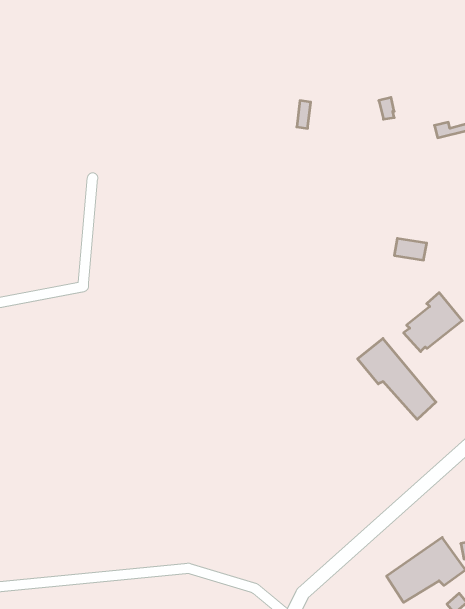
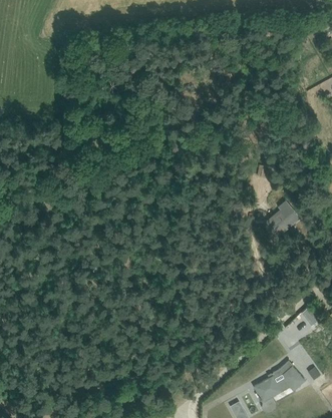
building: [358,338,436,419] -> none

